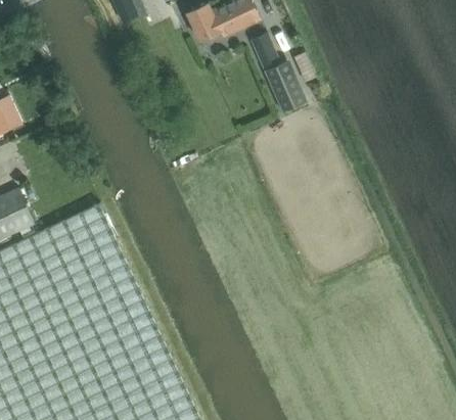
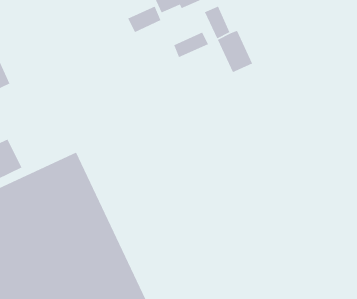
building: none -> [127,6,162,33]
building: none -> [173,32,209,58]

